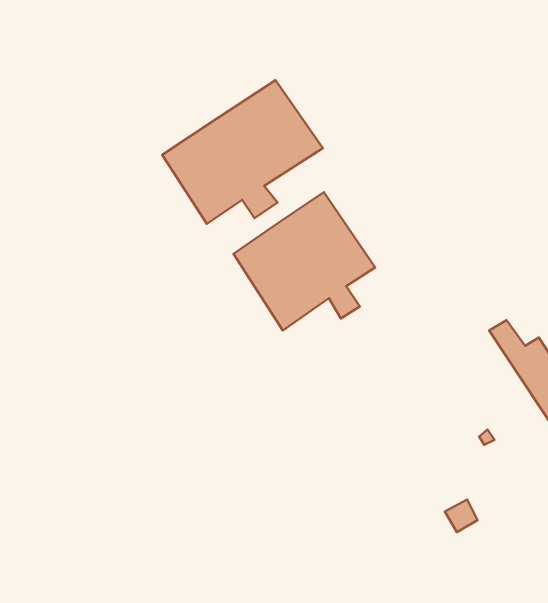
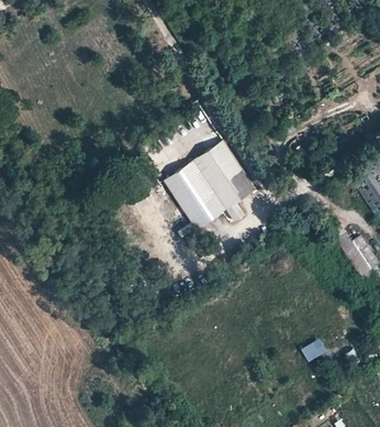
building: [162,80,323,224] -> none

